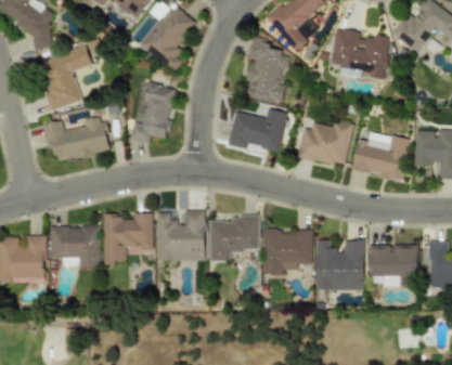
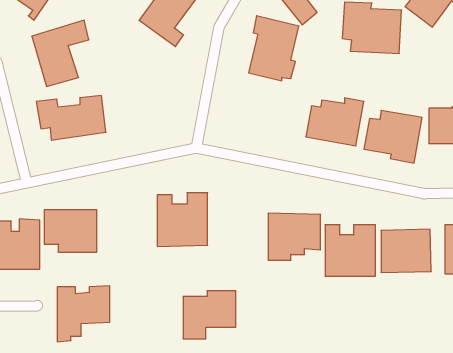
building: [130,81,175,143] -> none
building: [228,108,287,151] -> none
building: [103,212,153,265] -> [57,286,110,342]
building: [209,216,259,261] -> [183,291,236,339]

